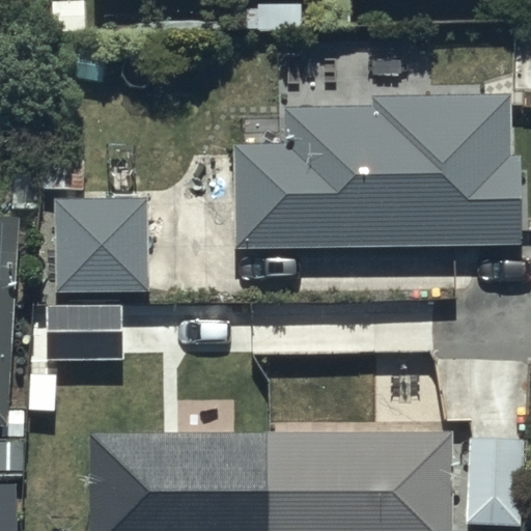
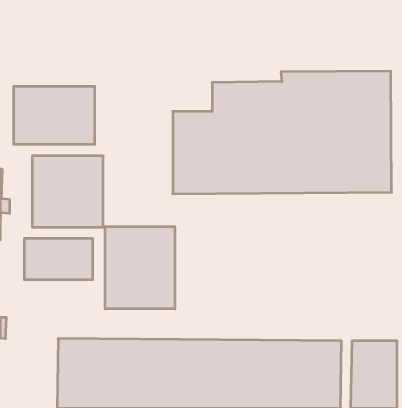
building: none -> [14,86,95,144]
building: none -> [105,227,175,309]

